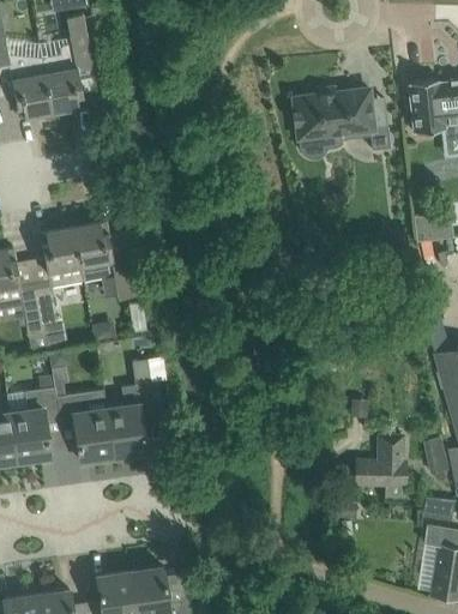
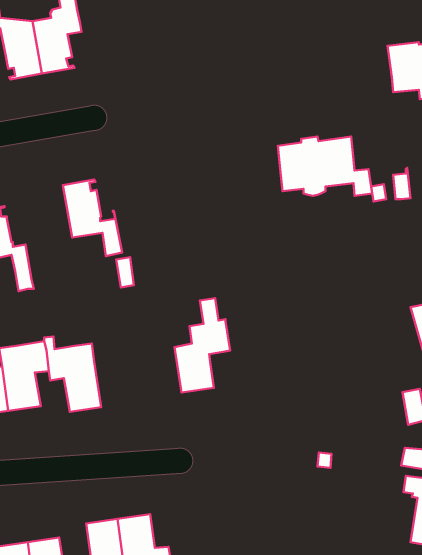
building: [294,89,391,150] -> [278,137,372,196]
building: [35,228,83,325] -> none
building: [106,360,163,457] -> [174,298,230,392]
building: [356,437,406,501] -> none

